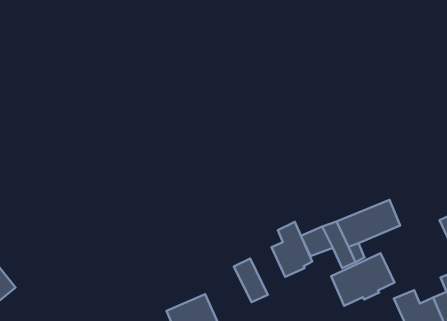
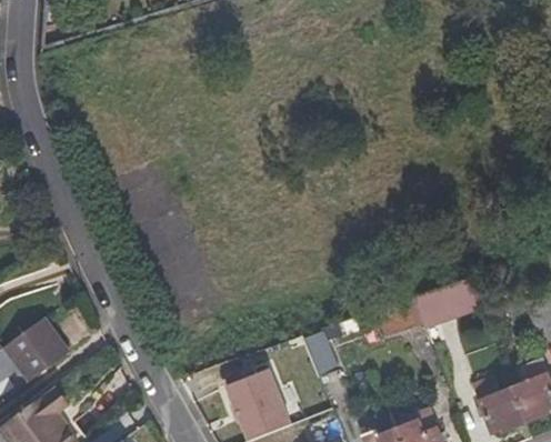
building: [271,222,312,277] -> none
building: [331,253,394,306] -> none

